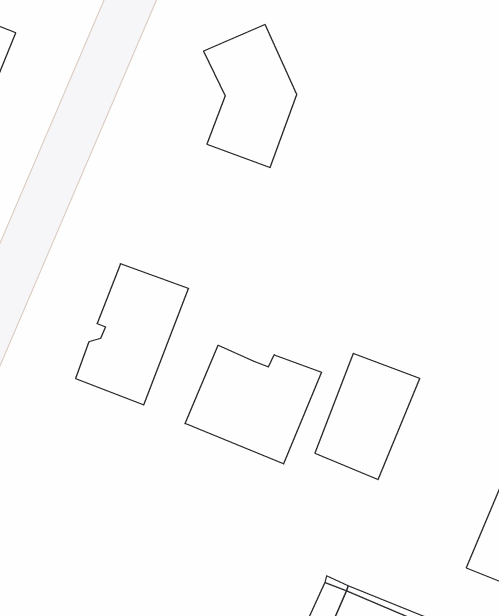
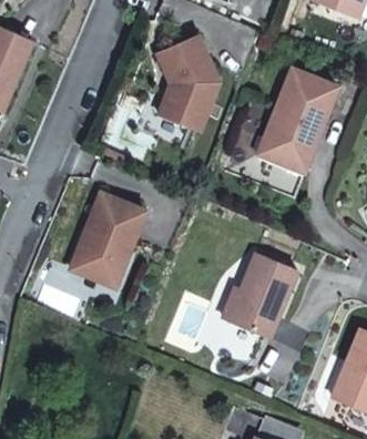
building: none -> [257,69,336,171]
building: [185,345,321,464] -> none

